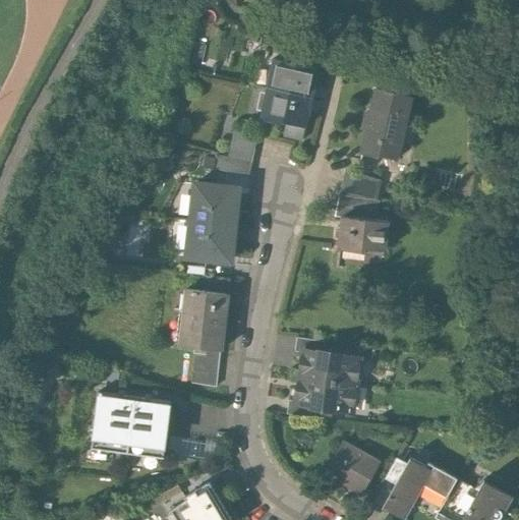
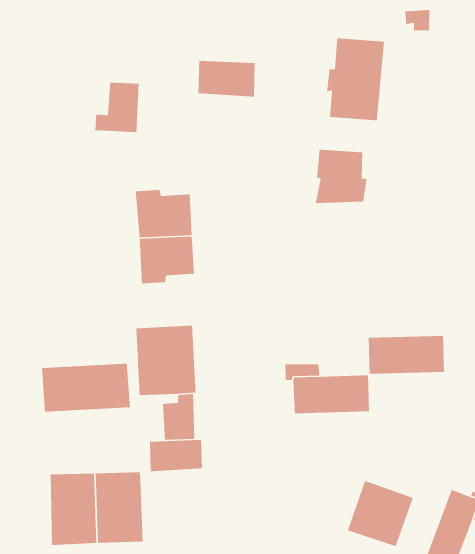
building: [267,61,318,98] -> none
building: [217,132,258,176] -> [94,82,139,133]
building: [343,218,395,257] -> none
building: none -> [41,363,131,412]
building: [292,380,356,417] -> [368,335,445,375]
building: none -> [149,439,203,472]

